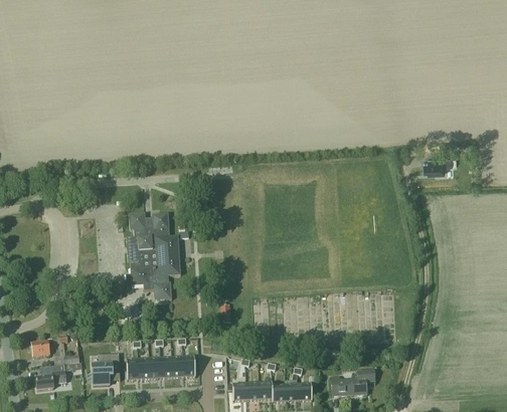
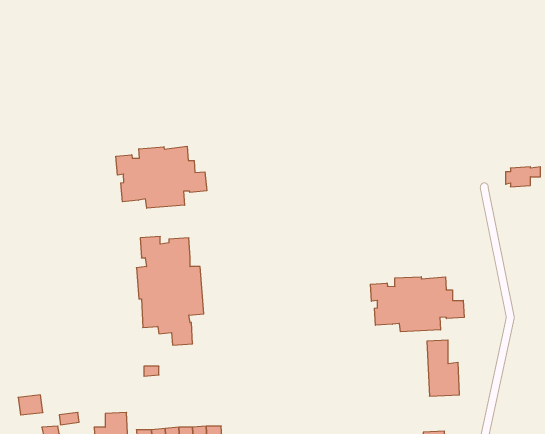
building: none -> [116,146,207,208]
building: none -> [370,277,464,332]

